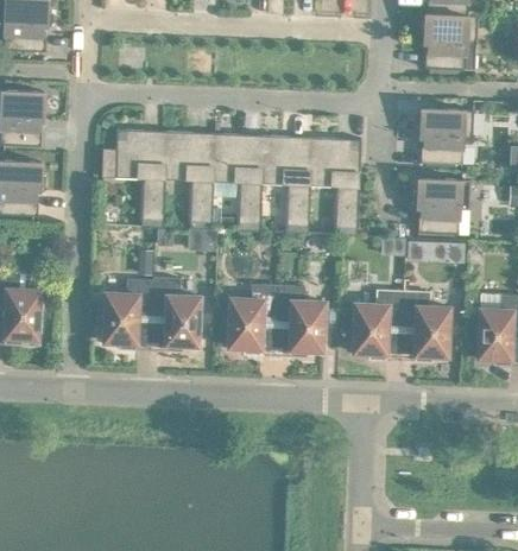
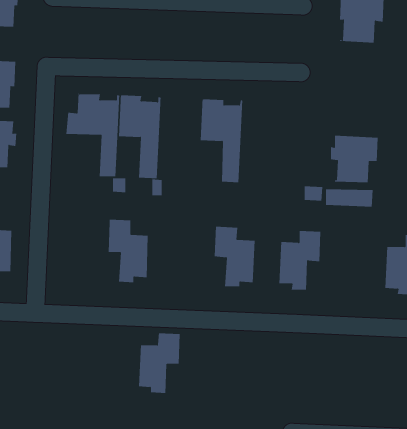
building: [421,107,473,163] -> none
building: [213,131,263,230] -> none
building: [309,135,361,234] -> none
building: [103,278,153,348] -> none
building: [228,283,278,354] -> [138,333,180,394]
building: [402,290,450,361] -> none

